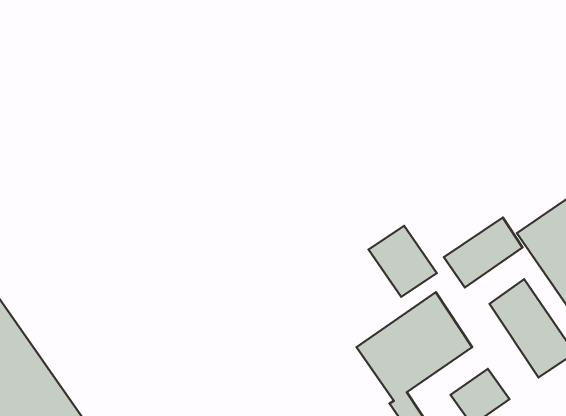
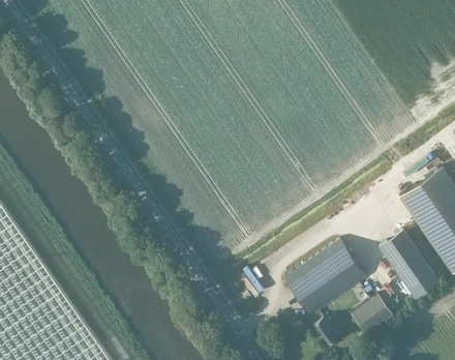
building: [444,218,523,288] -> none
building: [369,226,437,297] -> none

